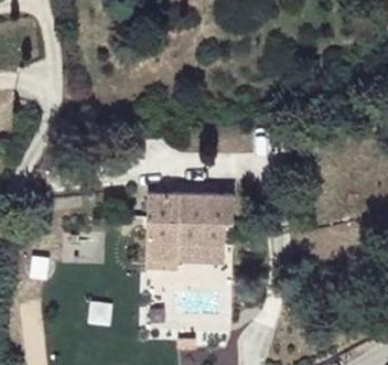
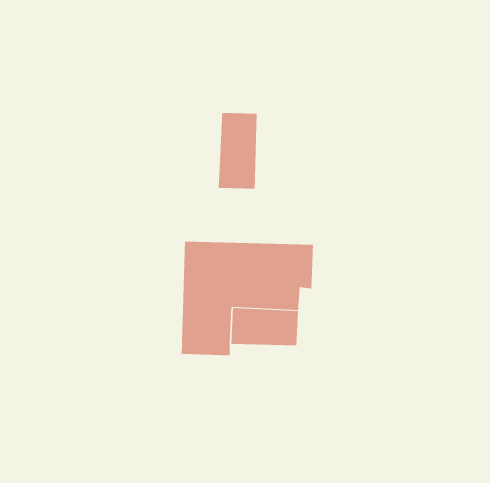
building: none -> [218,112,257,190]

